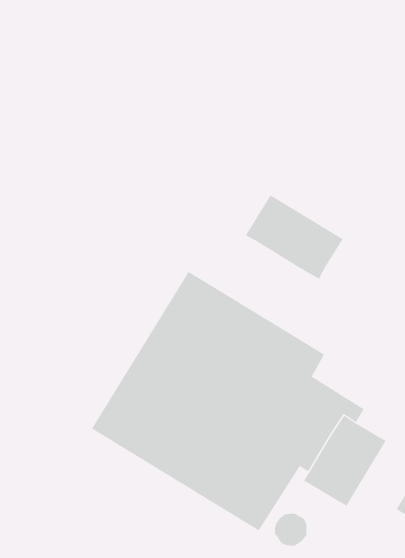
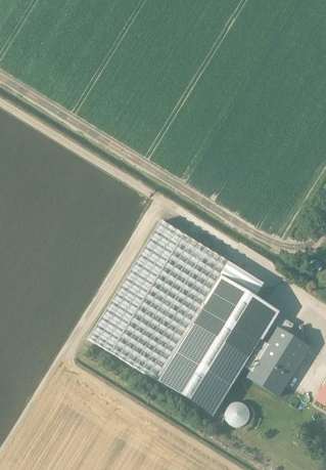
building: [245,194,343,279] -> none

